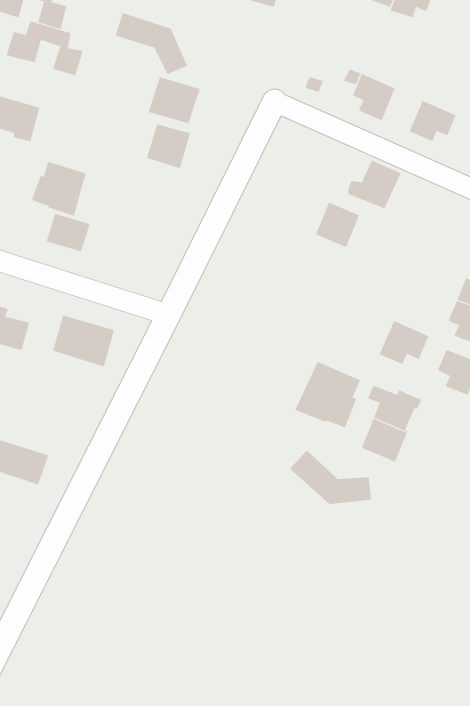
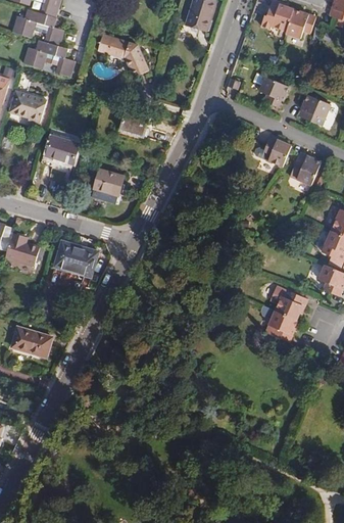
building: [148,77,201,124] -> none
building: [315,202,360,248] -> [290,153,321,185]
building: [46,213,90,252] -> [93,170,124,196]
building: [379,320,429,365] -> none
building: [295,361,361,428] -> none
building: [289,449,372,505] -> none

